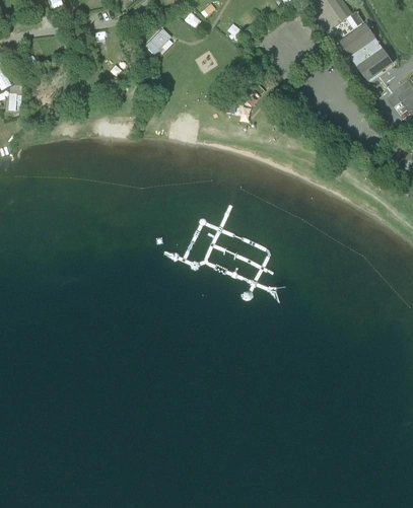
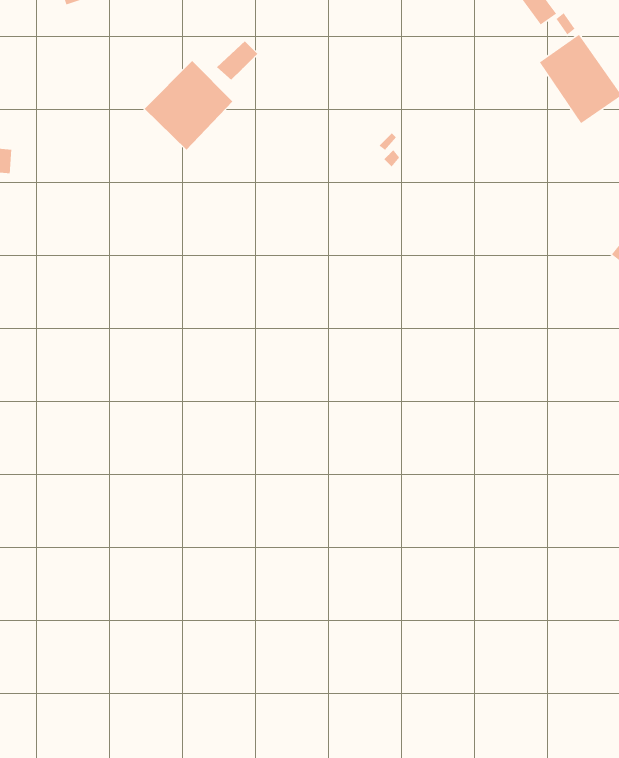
building: none -> [144,60,233,150]

